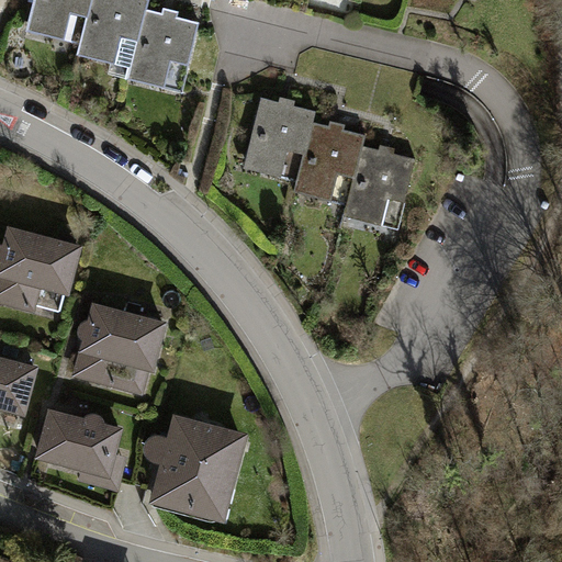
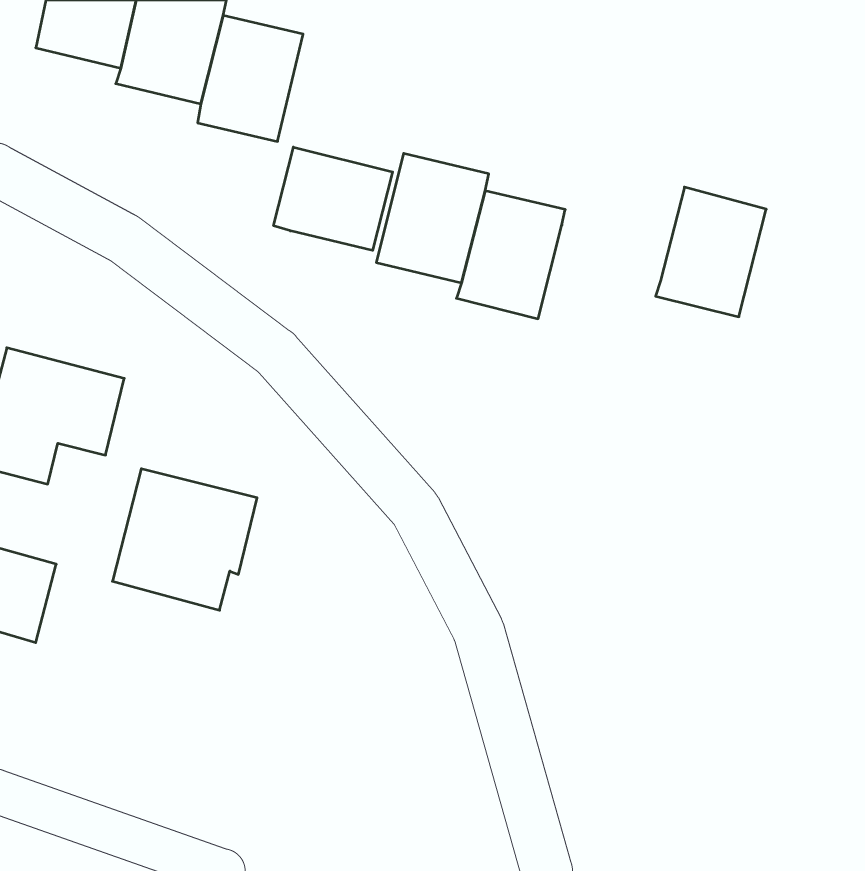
building: none -> [274,147,393,250]
building: [344,145,415,228] -> [656,187,766,317]
building: [34,405,126,491] -> none
building: [144,411,245,520] -> none

